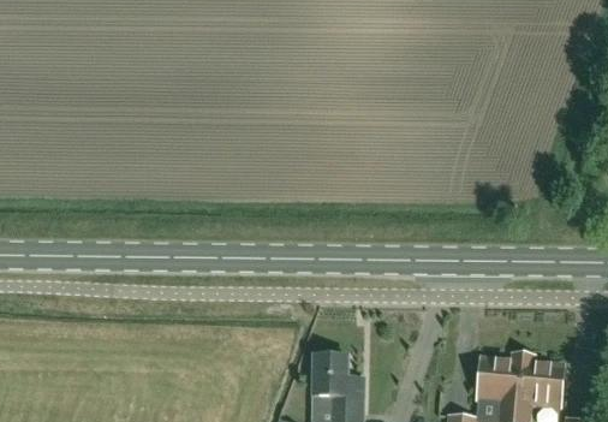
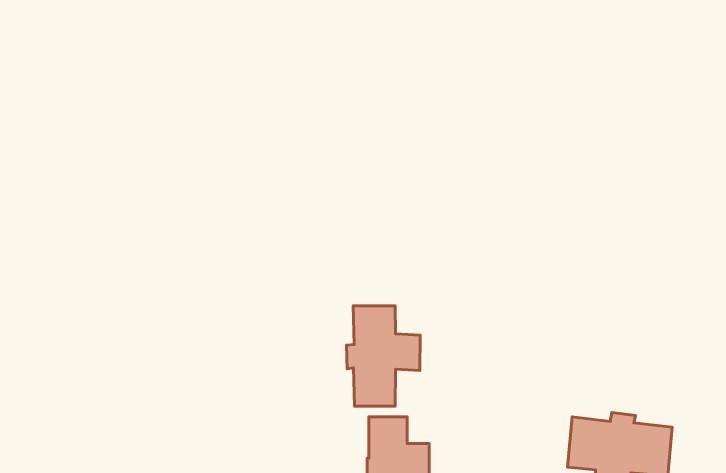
building: none -> [347,306,420,406]

